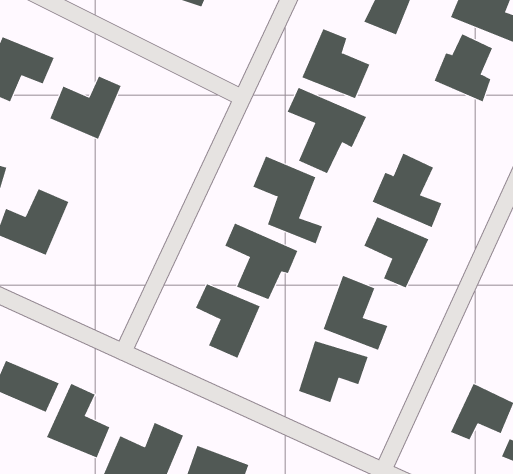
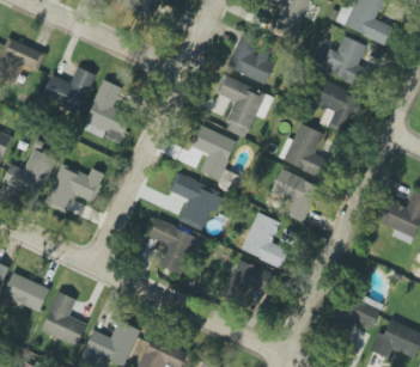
building: none -> [84,79,132,142]
building: none -> [316,81,360,133]
building: none -> [43,163,105,212]

